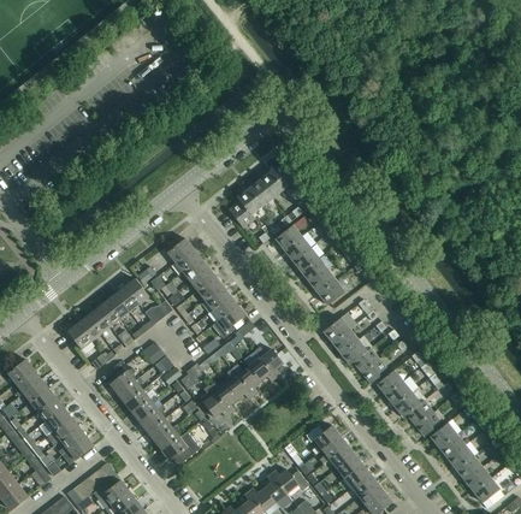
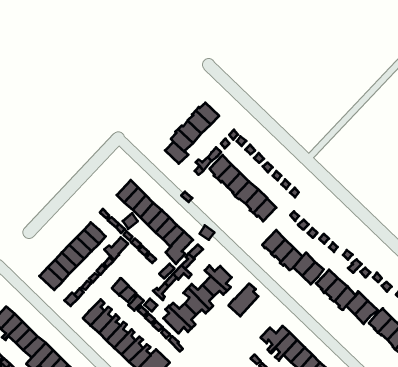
building: none -> [229,284,258,316]

